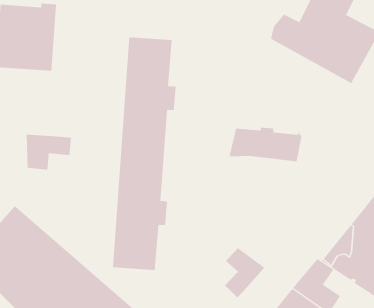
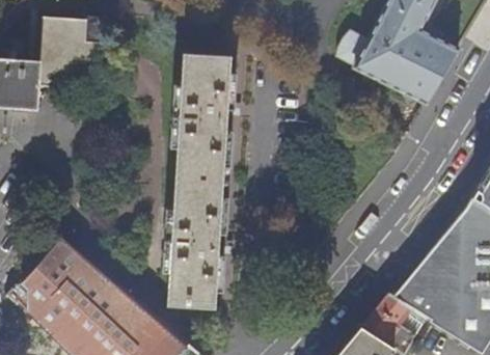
building: [229,127,302,162] -> none
building: [26,134,71,171] -> none
building: [224,247,265,298] -> none

